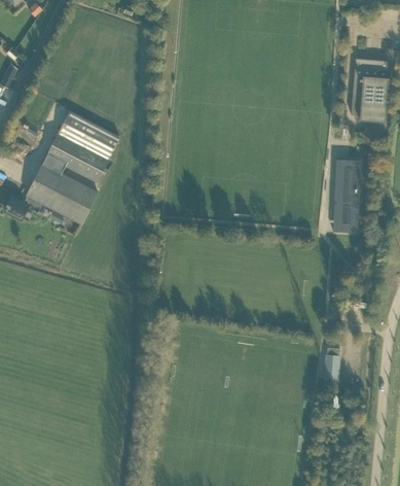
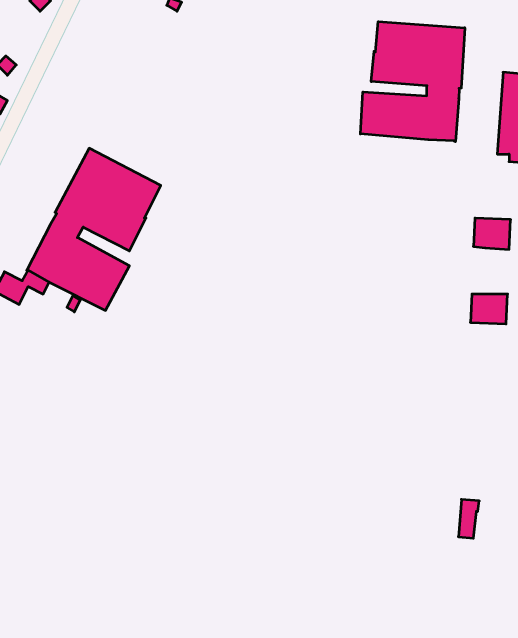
building: none -> [360,22,465,142]
building: [333,179,359,212] -> none

